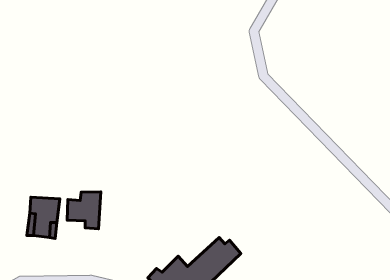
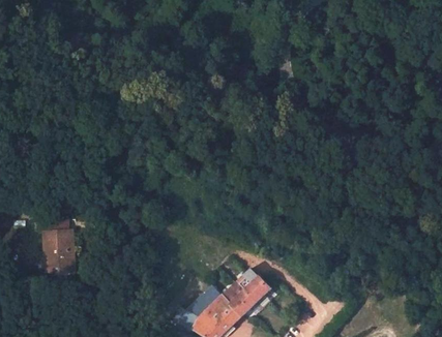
building: [67,192,101,229] -> none

